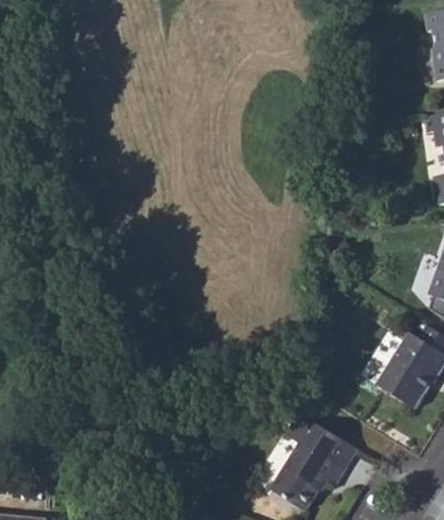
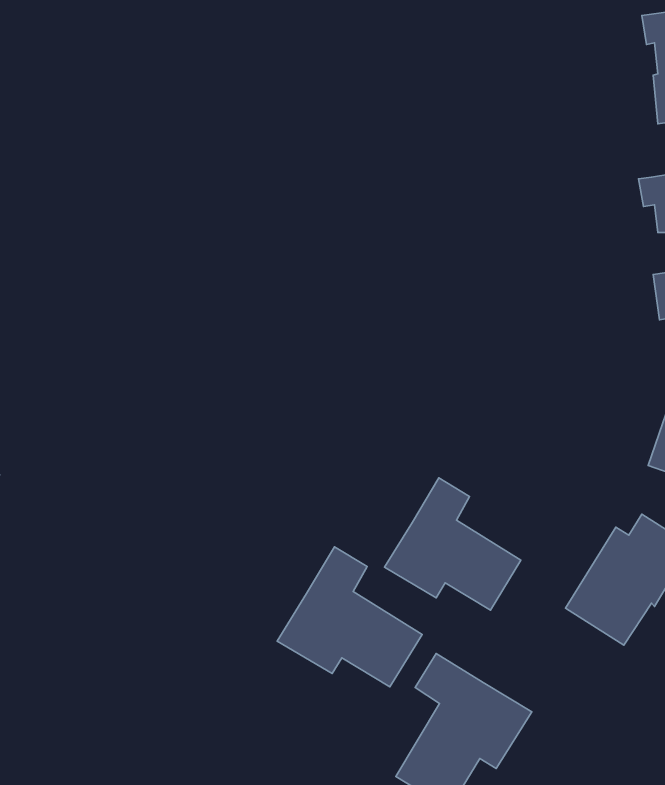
building: none -> [384,478,521,610]
building: none -> [277,547,422,687]

